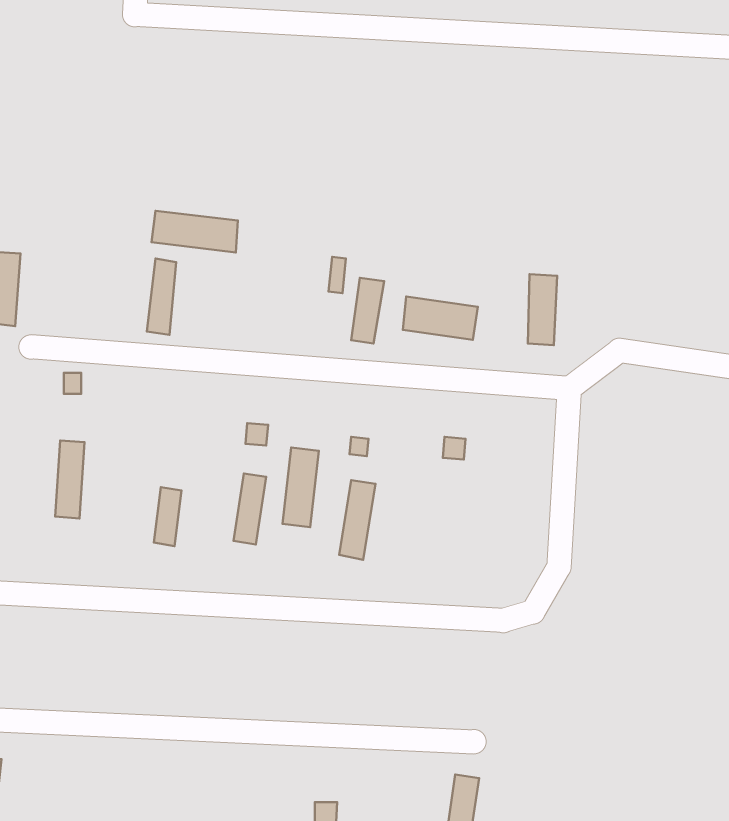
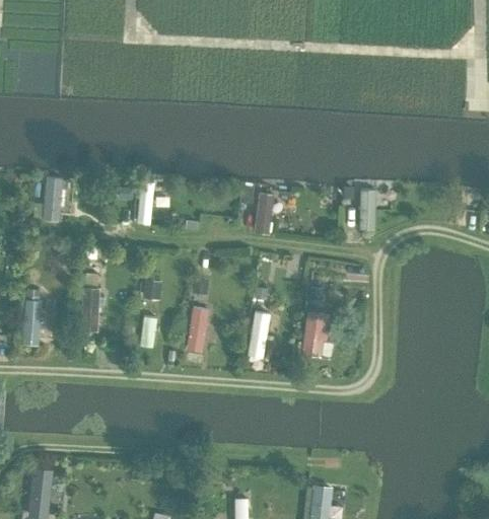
building: [151,211,238,252] -> none
building: [403,297,478,340] -> none
building: [283,448,319,527] -> [301,311,323,358]

